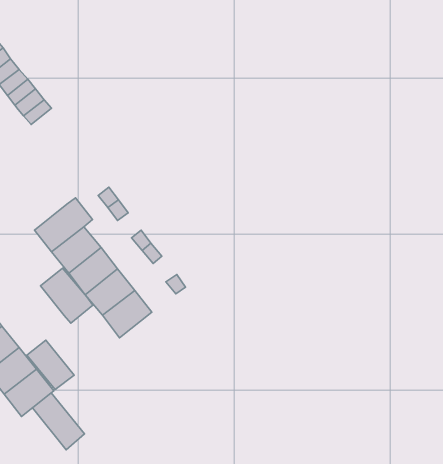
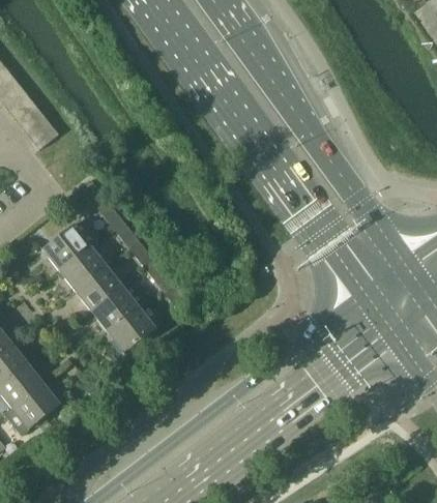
building: [40,268,93,323] -> none
building: [27,340,74,389] -> none
building: [33,393,85,450] -> none

